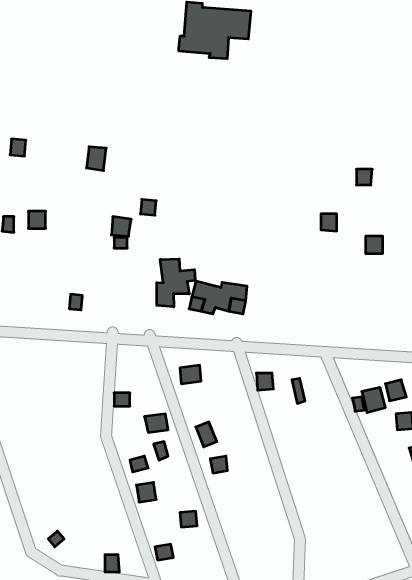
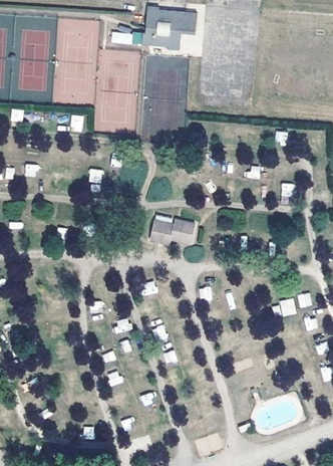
building: [157,259,195,307] -> none

